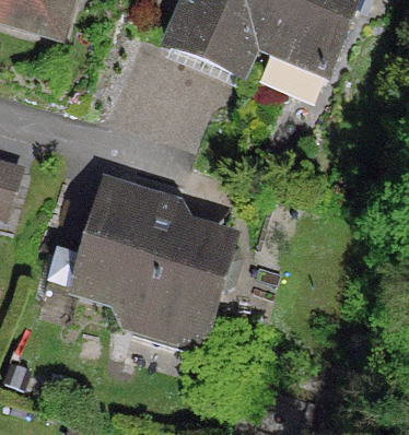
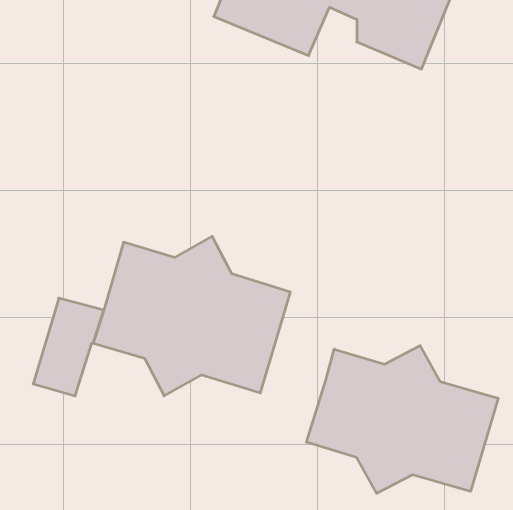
building: none -> [306,346,498,493]

